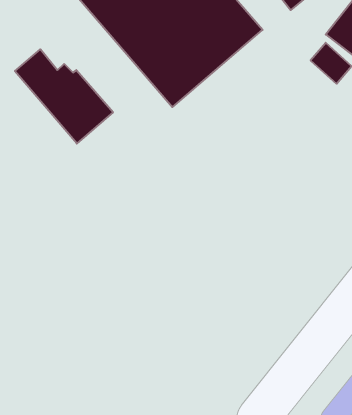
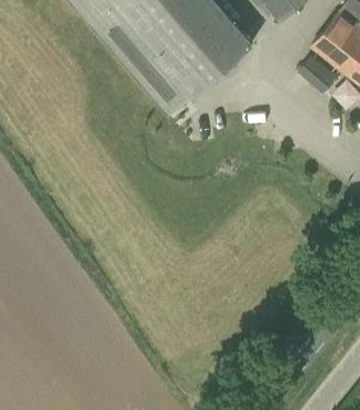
building: [15,49,113,144] -> none

